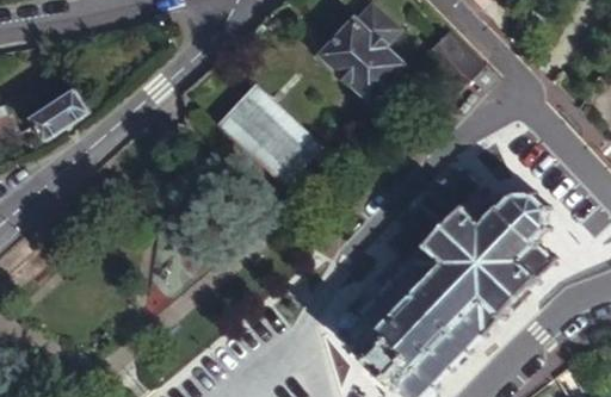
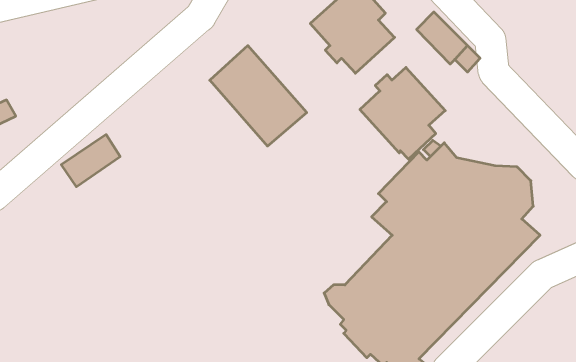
building: [24,89,85,143] -> [61,135,120,187]
building: none -> [360,67,445,159]

